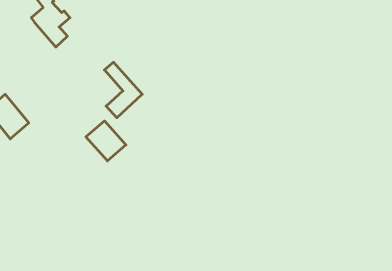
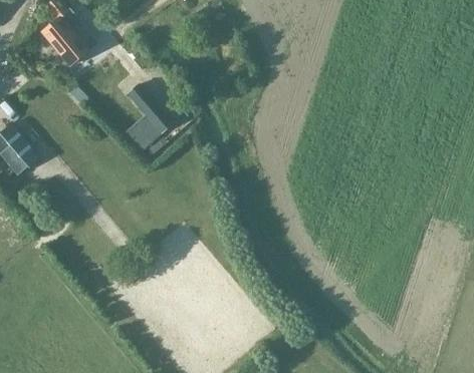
building: [86,121,126,161] -> none

